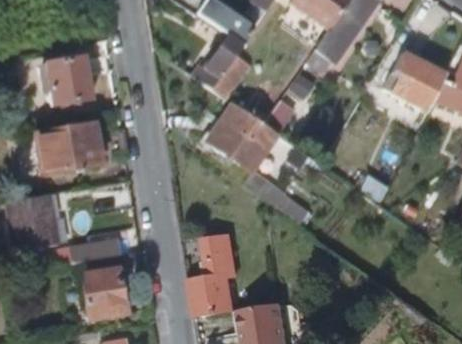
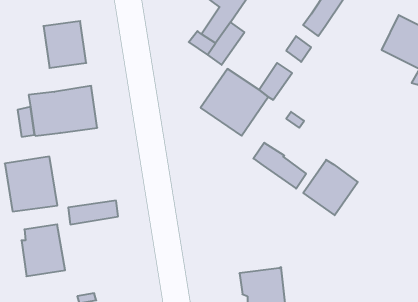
building: none -> [303,160,358,215]
building: [192,235,237,316] -> none
building: [80,266,124,318] -> [21,224,65,276]

